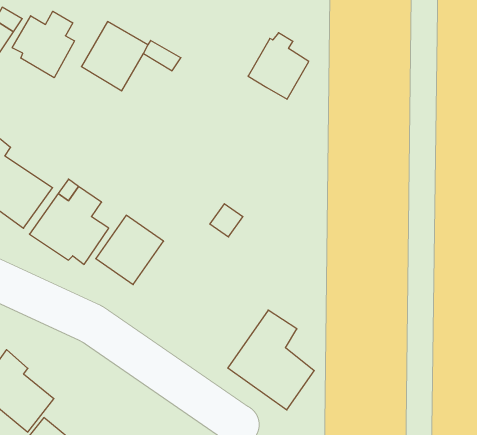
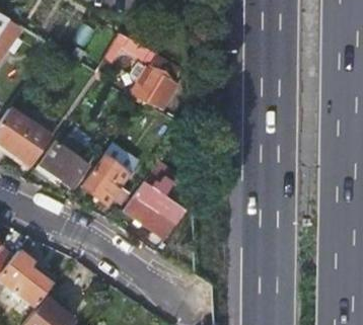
building: [12,11,74,78] -> none
building: [248,33,309,99] -> [135,63,177,109]
building: [228,310,314,410] -> [125,169,186,239]

